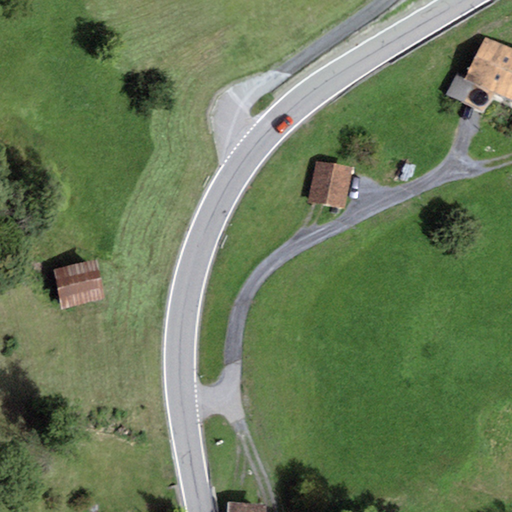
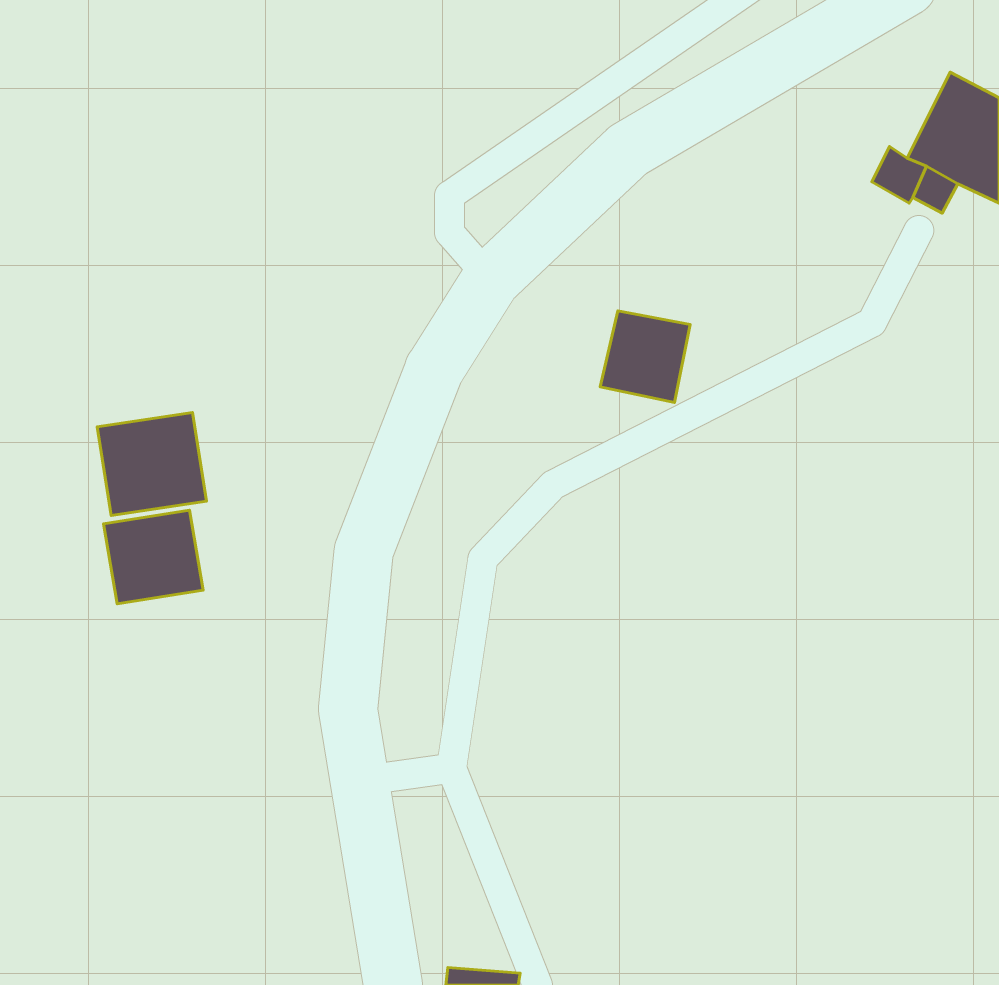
building: none -> [97,413,206,515]

